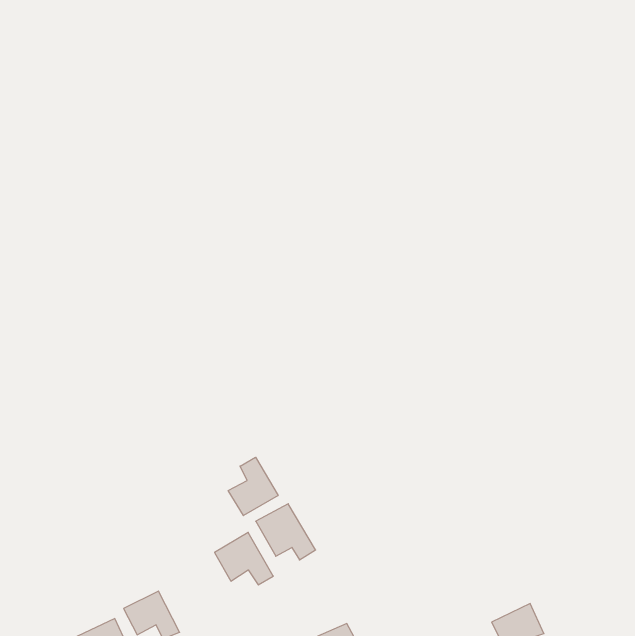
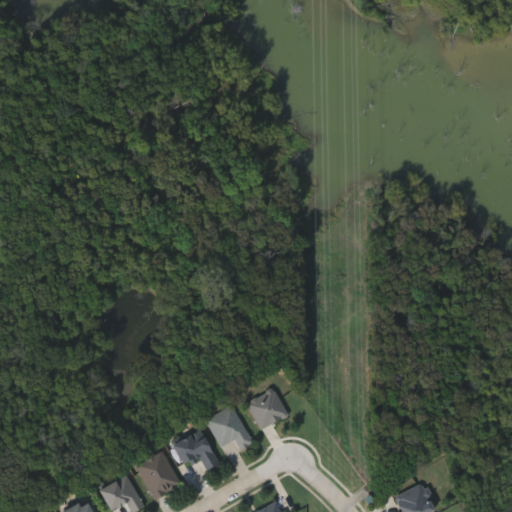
building: [228,457,278,516] -> none
building: none -> [245,387,288,430]
building: none -> [135,450,180,499]

